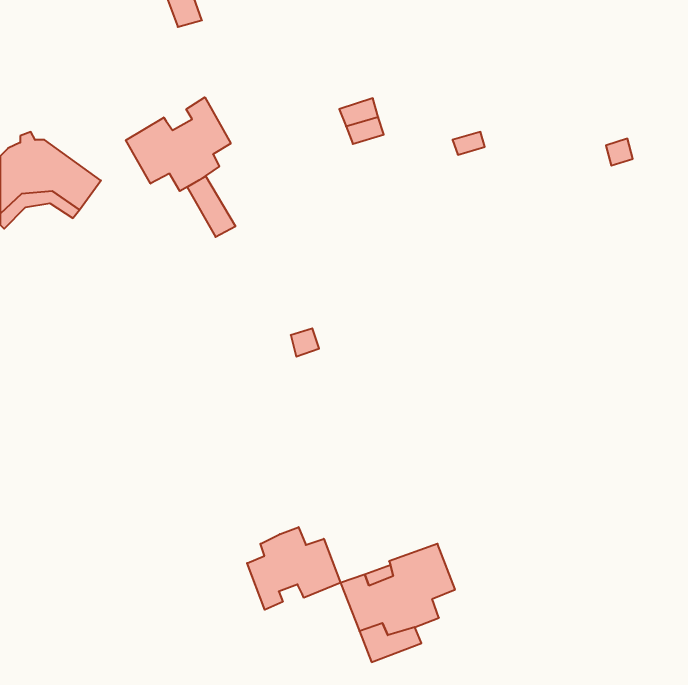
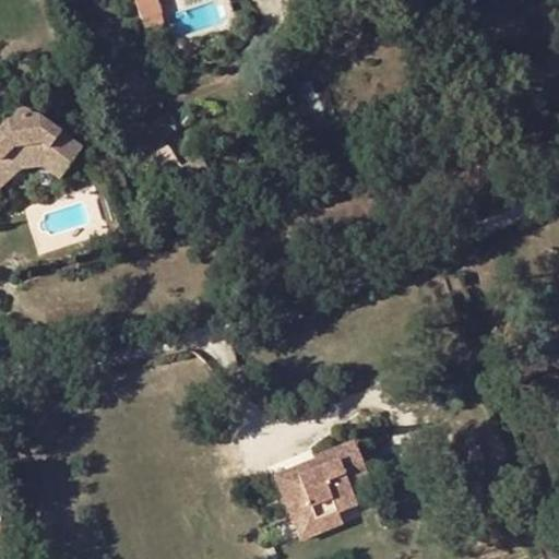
building: [126,97,231,191] -> none
building: [247,527,341,610] -> none

